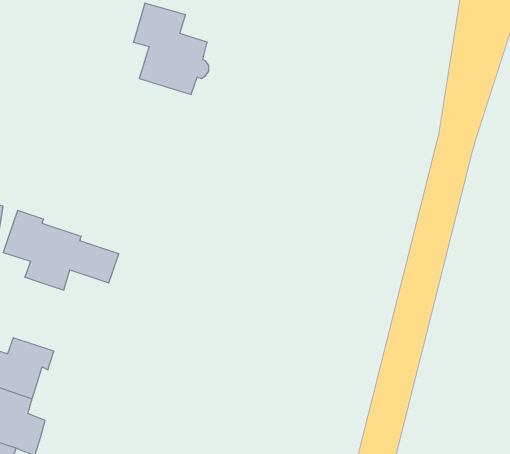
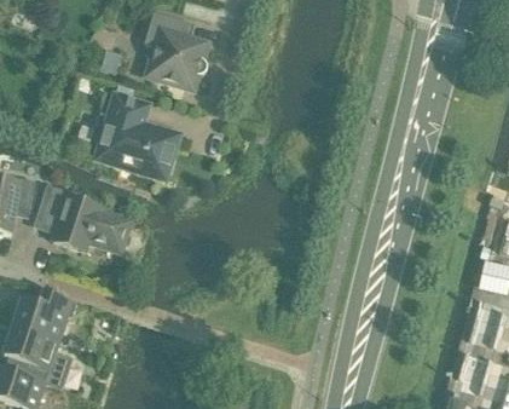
building: none -> [97,94,178,178]

